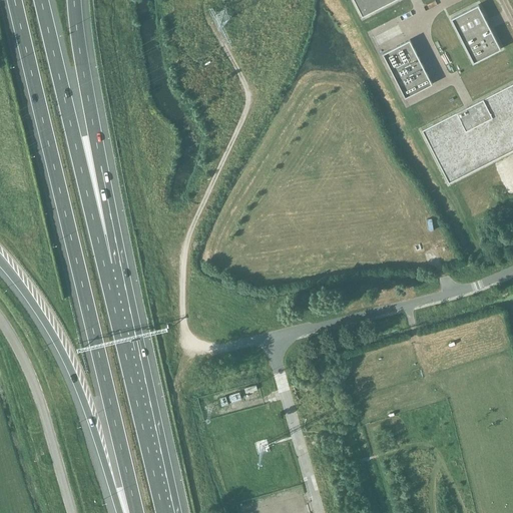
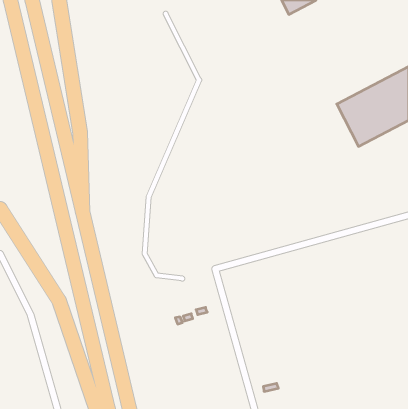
building: [452,5,502,63] -> none
building: [384,40,433,98] -> none

